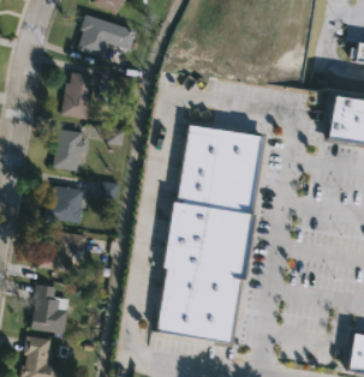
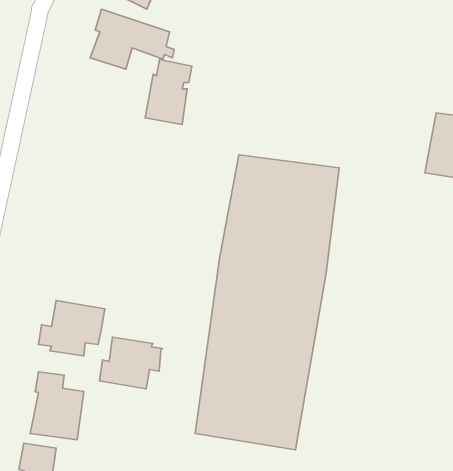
building: [61,70,96,118] -> [145,60,192,124]
building: [54,128,90,170] -> none
building: [44,186,91,225] -> [99,337,162,389]

